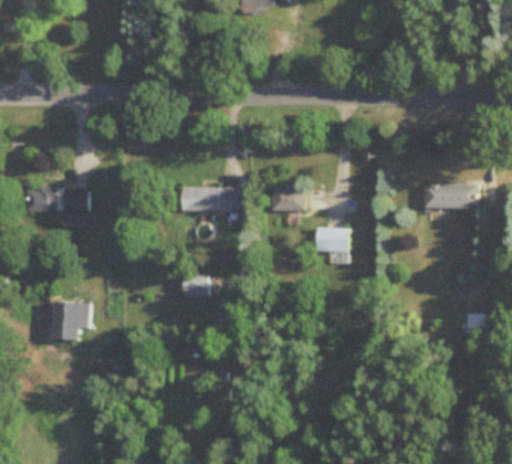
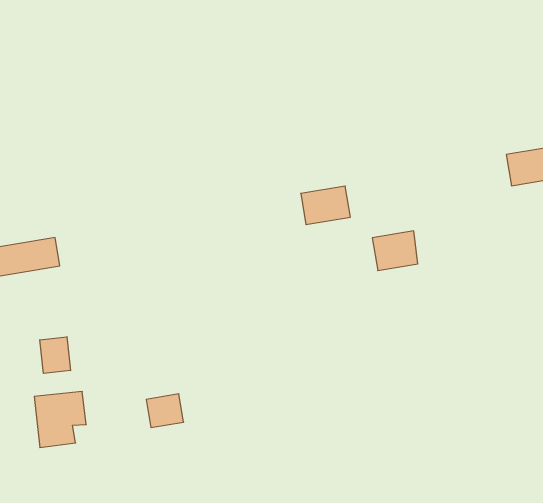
building: [182,188,237,210] -> none
building: none -> [40,337,70,373]
building: [182,275,207,296] -> [146,394,184,428]

